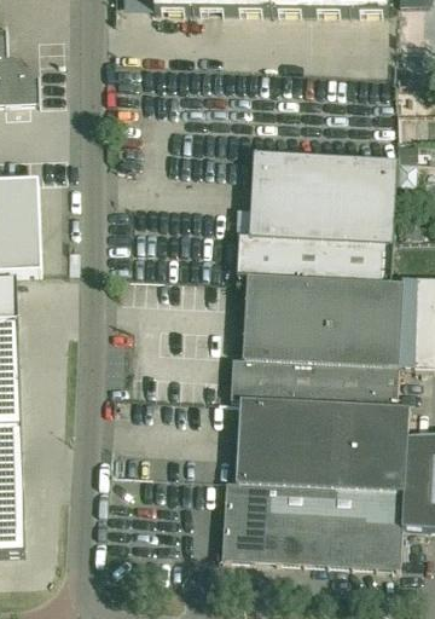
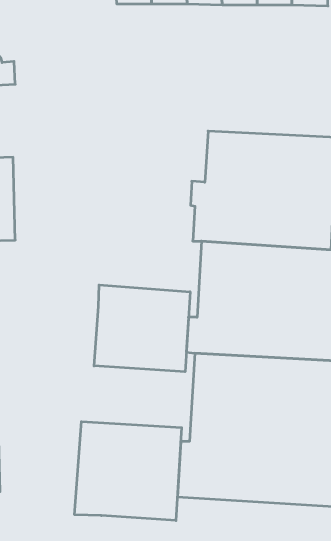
building: none -> [94,285,190,372]
building: none -> [75,422,182,521]

